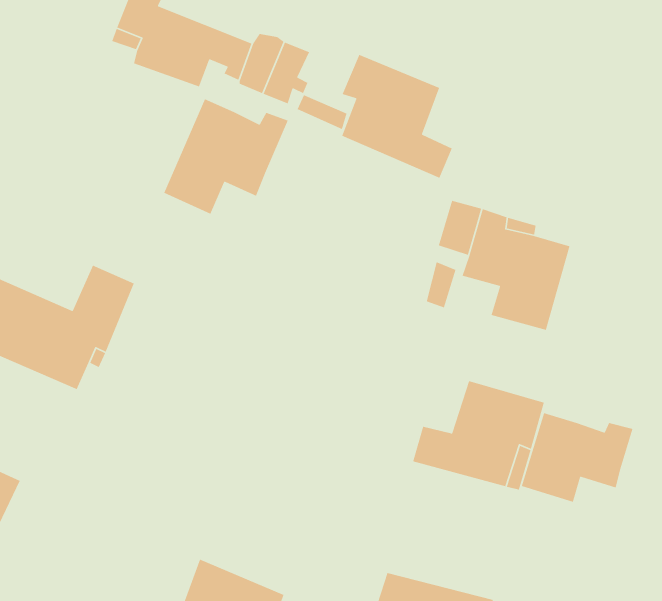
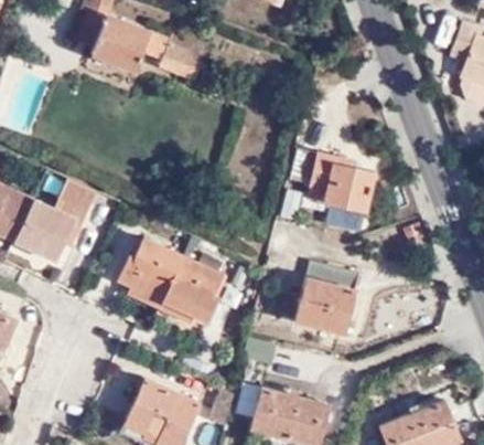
building: [341,54,453,179] -> none
building: [163,98,289,215] -> none
building: none -> [115,235,235,324]
building: [521,412,633,503] -> none

